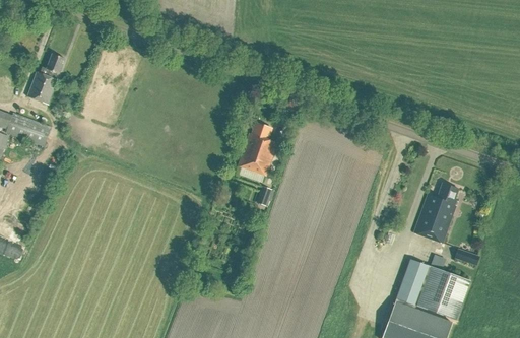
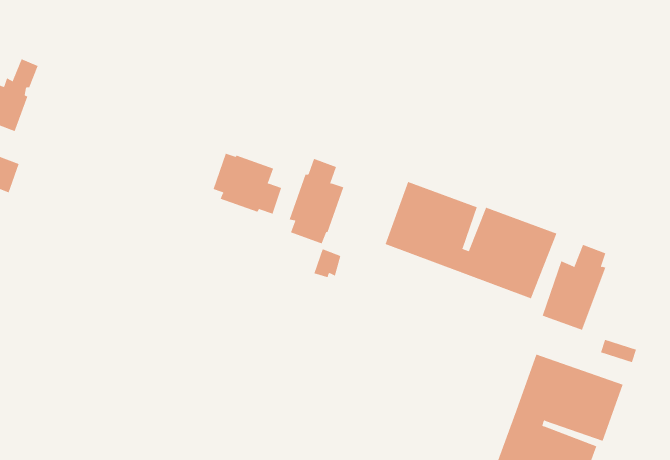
building: none -> [213,153,282,214]
building: none -> [385,181,557,299]

